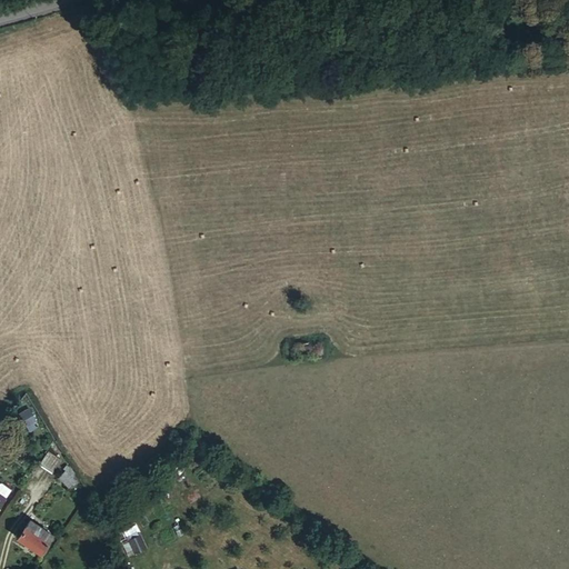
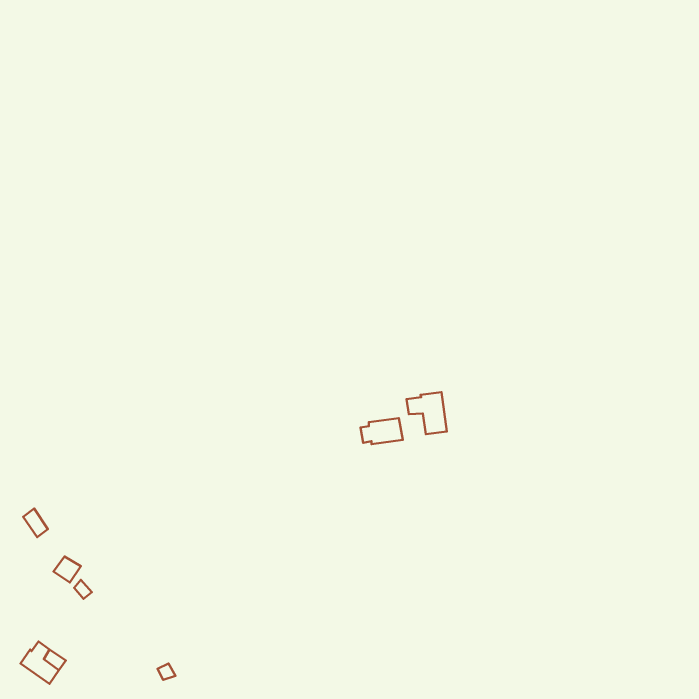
building: none -> [406,392,447,434]

